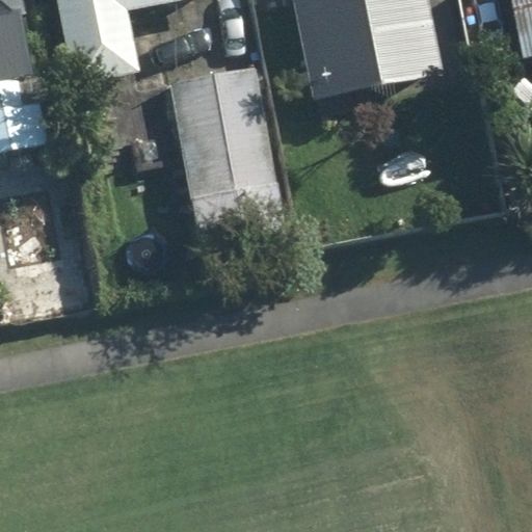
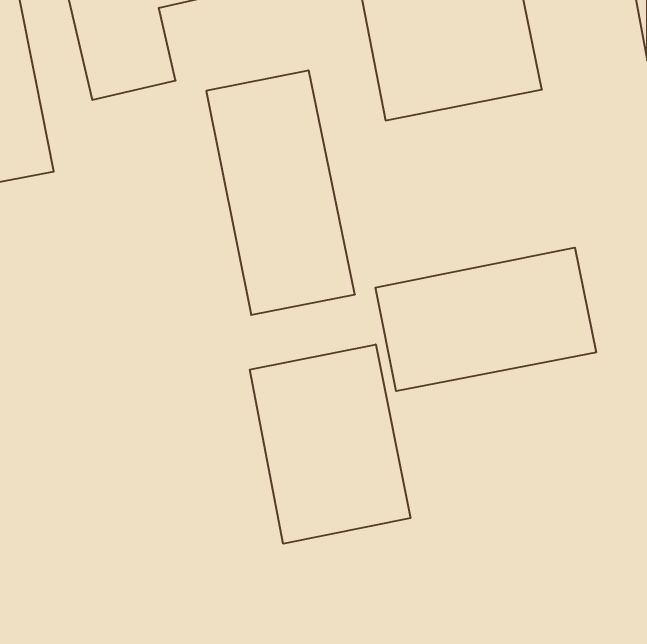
building: none -> [375,248,596,391]
building: none -> [250,344,411,544]

